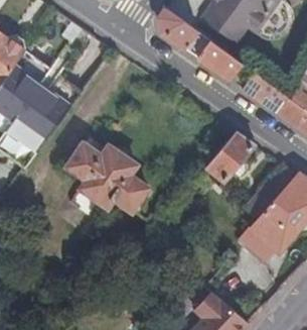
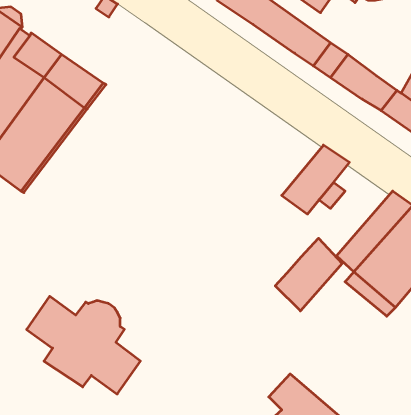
building: [67,145,147,214] -> [27,296,140,394]
building: none -> [275,238,342,311]

